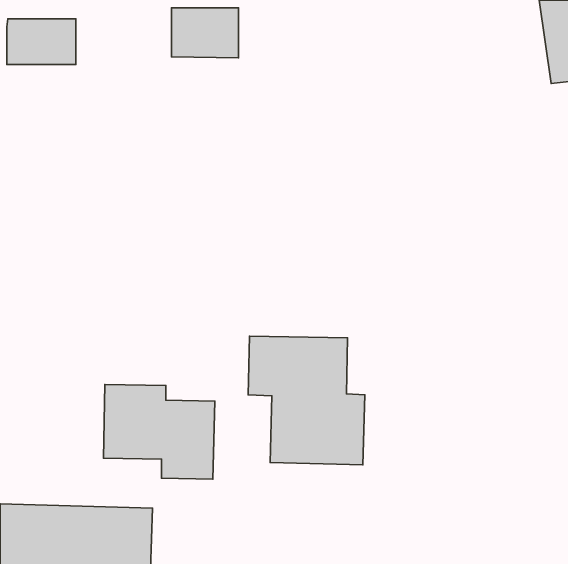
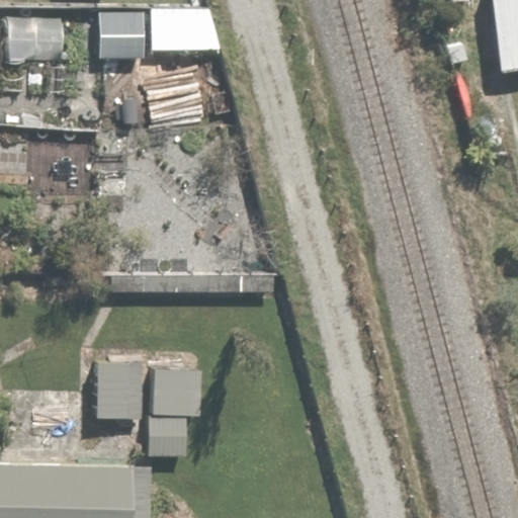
building: [248,336,365,465] -> none

